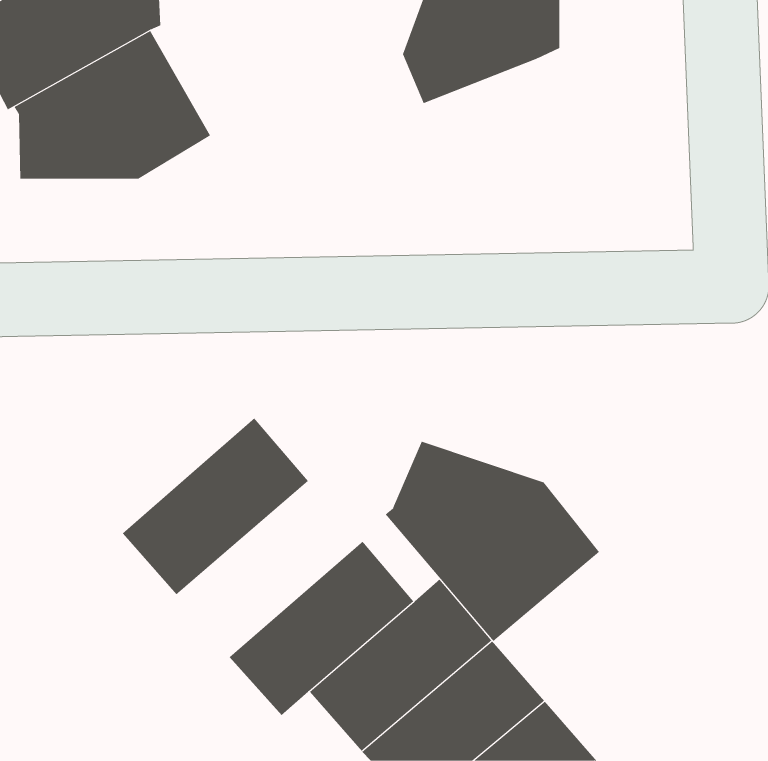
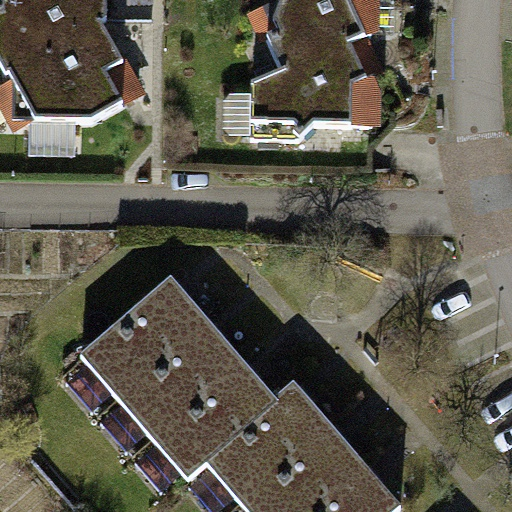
building: none -> [249,39,380,138]
building: [385,441,600,642] -> none
building: none -> [117,319,241,436]

